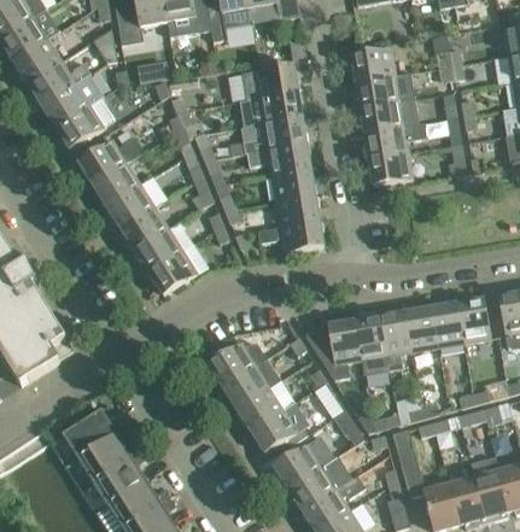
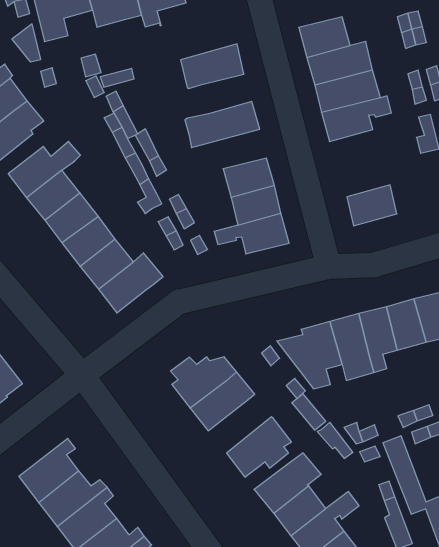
building: [239,90,302,125] -> none
building: [244,141,310,174] -> none
building: [368,151,411,185] -> [347,185,397,226]
building: [235,379,293,429] -> none

